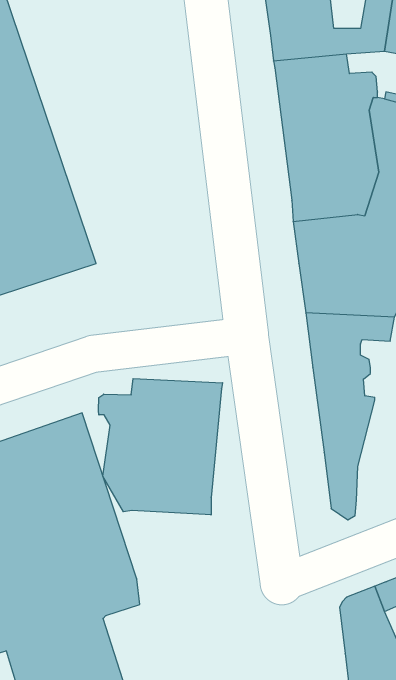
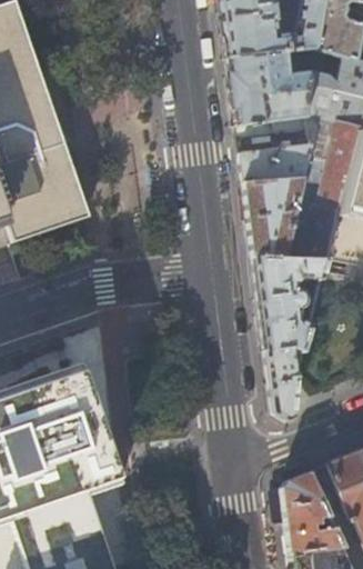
building: [98,379,223,515] -> none

